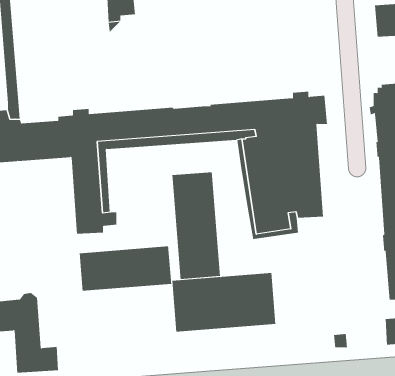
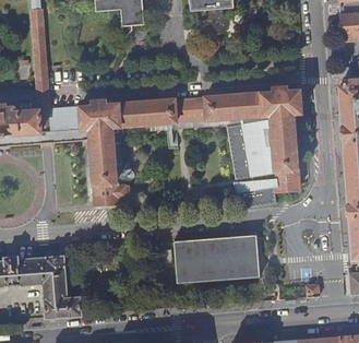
building: [172,171,220,280] -> none
building: [79,246,172,291] -> none

